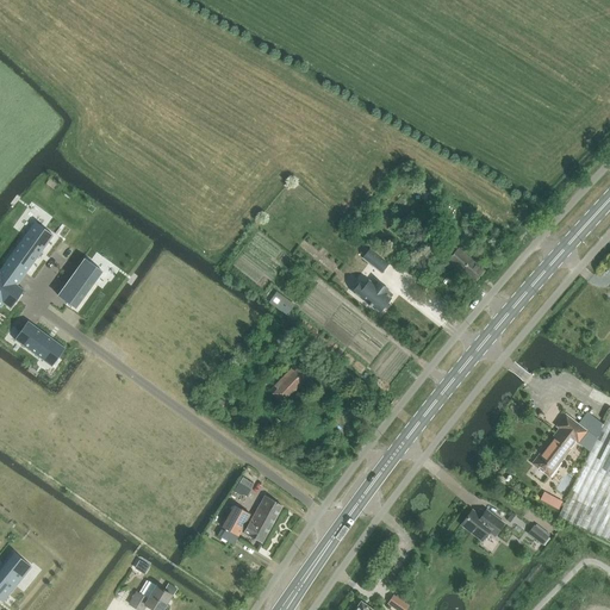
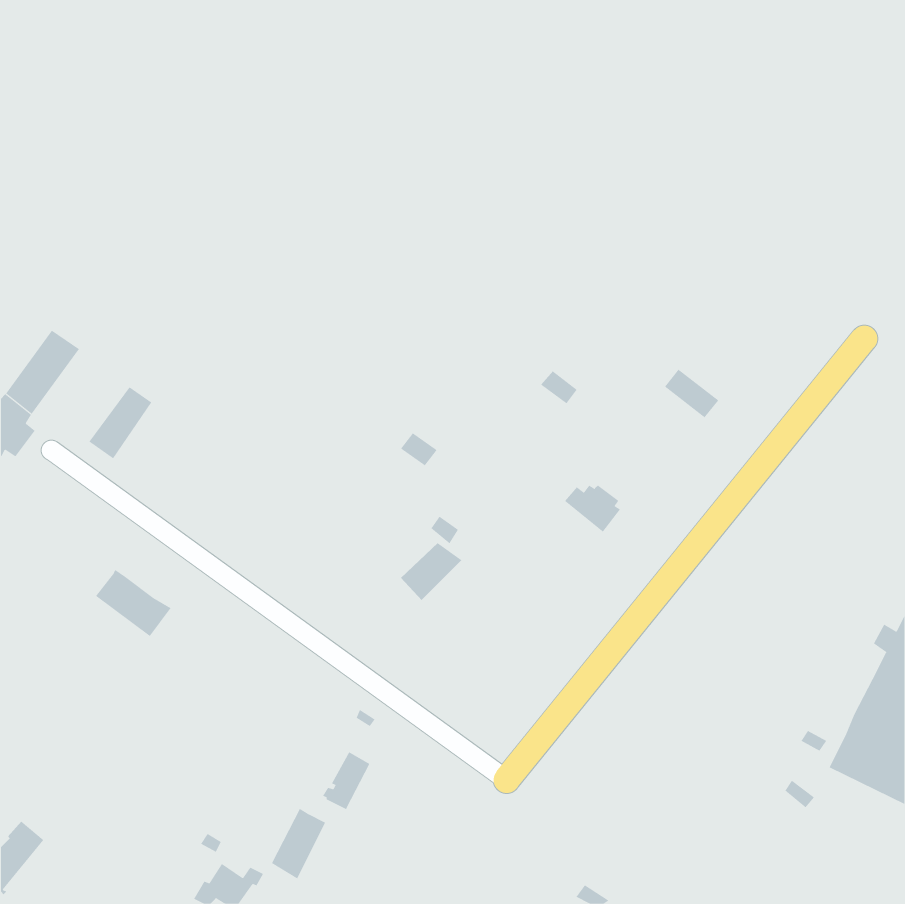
building: [353,280,391,312] -> [564,485,621,533]
building: [14,320,66,366] -> [95,569,171,637]
building: [533,415,596,474] -> none
building: [244,494,281,542] -> [271,808,326,879]
building: [460,509,504,540] -> none

